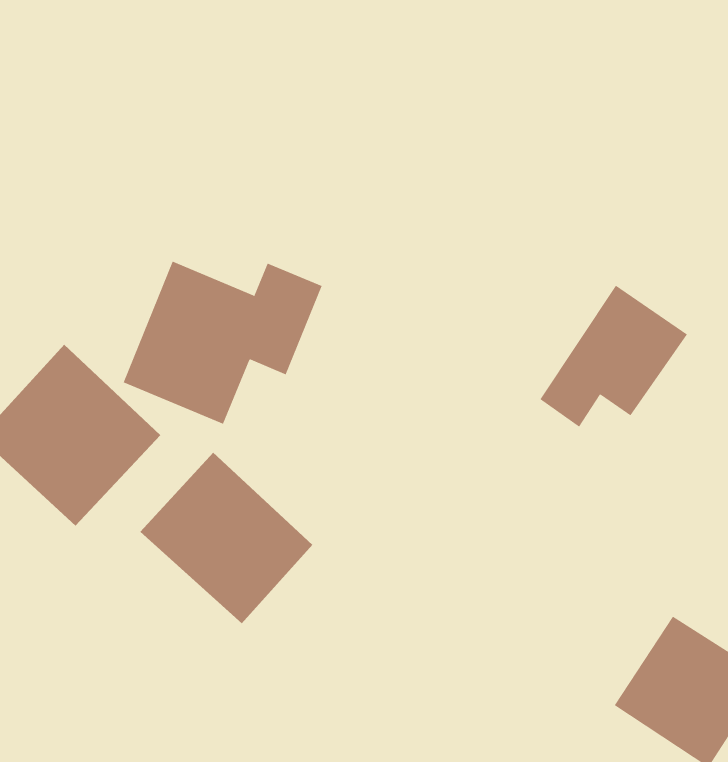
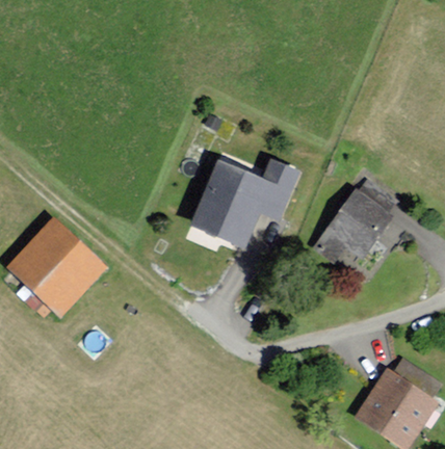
building: [123,261,322,424] -> [191,158,300,247]
building: [140,452,313,624] -> none

